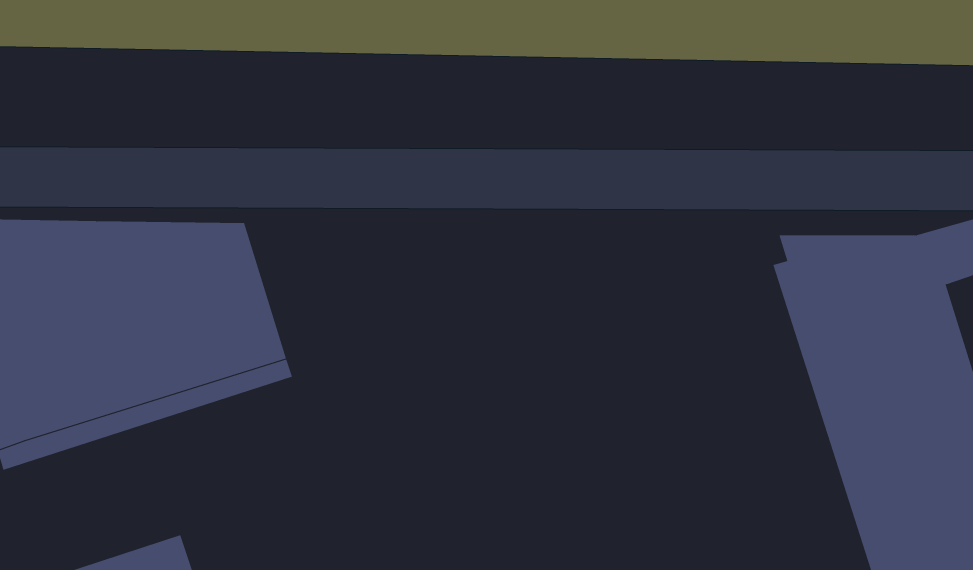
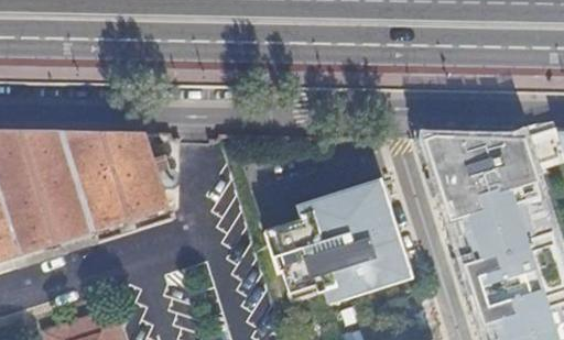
building: none -> [267,178,404,299]

